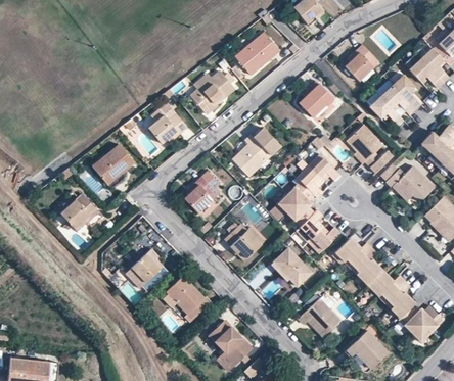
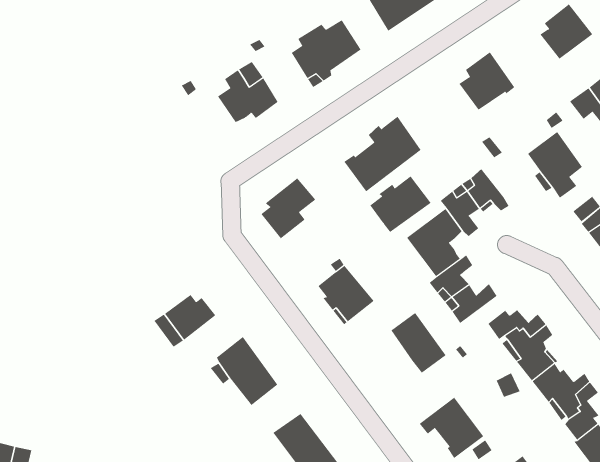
building: [93,144,134,185] -> none
building: none -> [369,176,431,233]
building: [60,193,98,230] -> none

